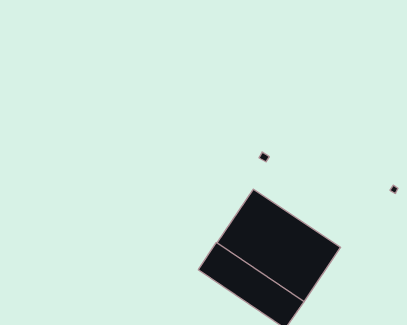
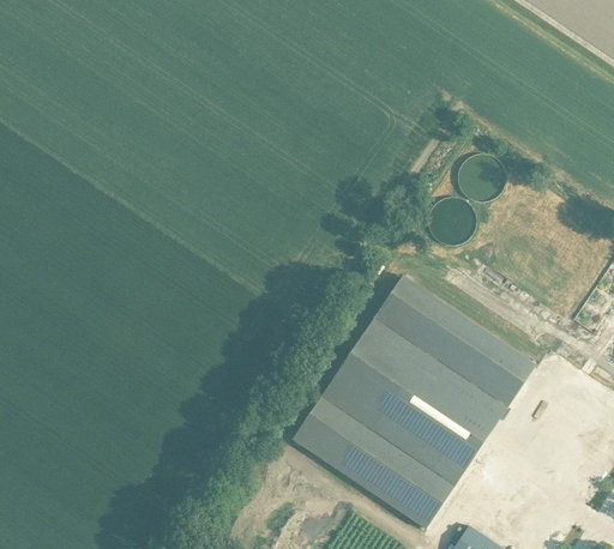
building: none -> [375,277,532,405]

